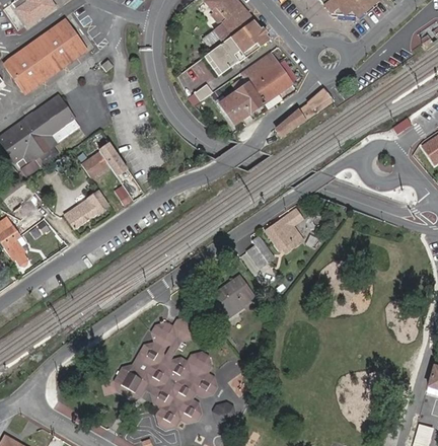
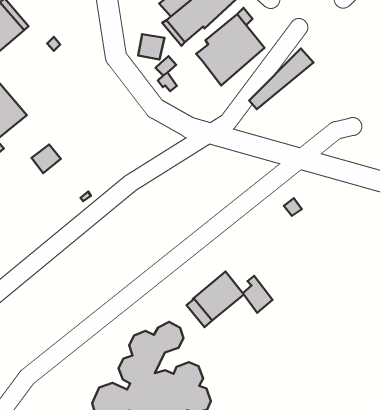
building: [219,91,250,126] -> none
building: [96,141,130,176] -> none
building: [65,191,109,229] -> none
building: [267,216,303,252] -> none
building: [248,236,274,269] -> [243,276,273,313]

